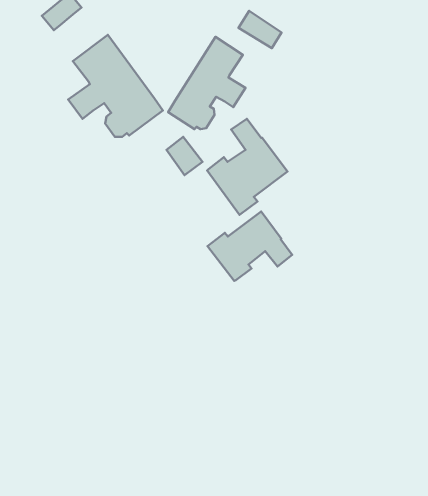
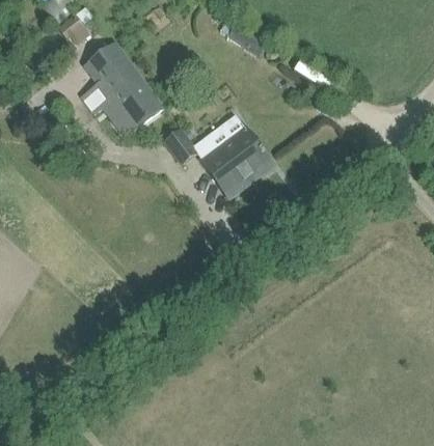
building: [168,37,246,129] -> none
building: [207,212,292,281] -> none

